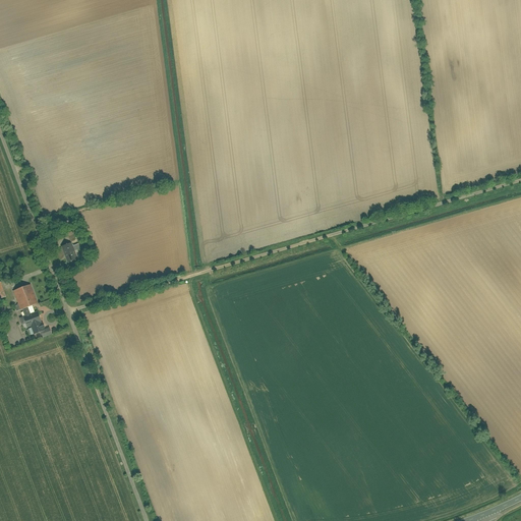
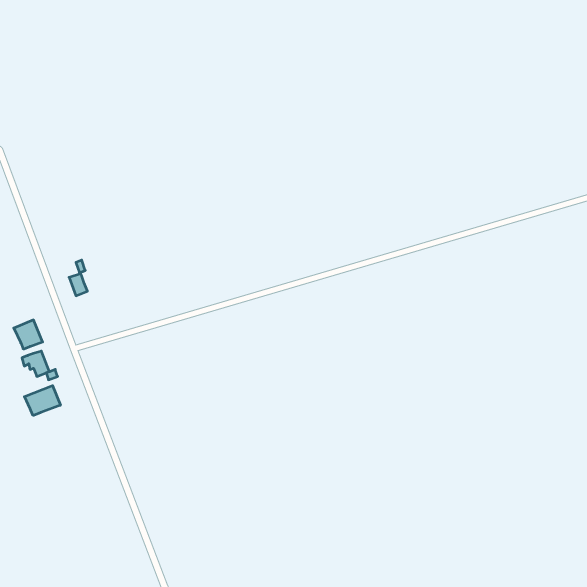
building: none -> [24,386,60,415]

